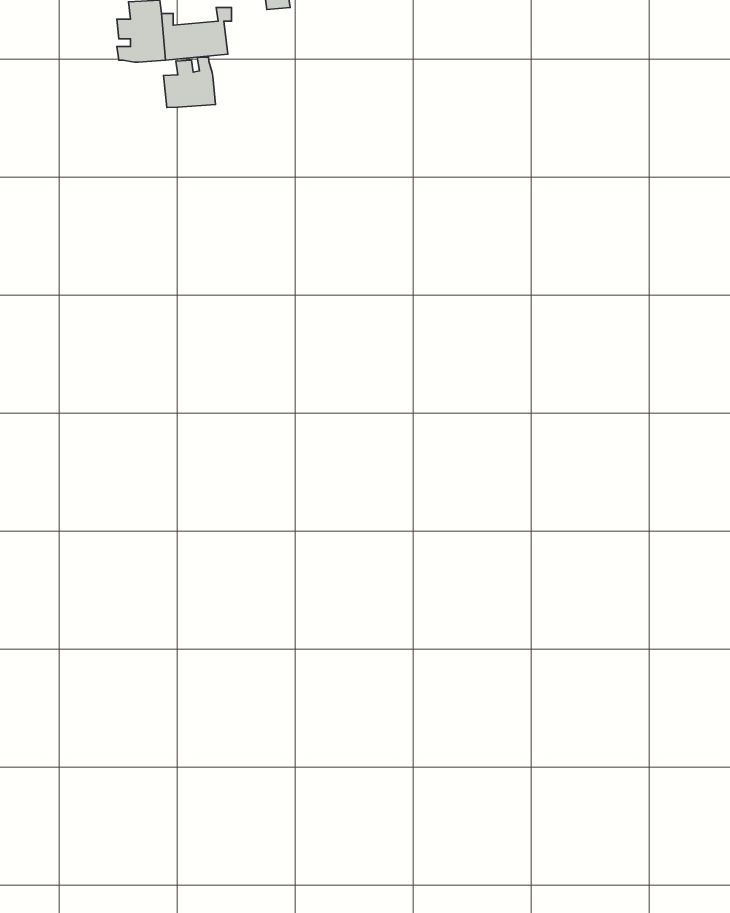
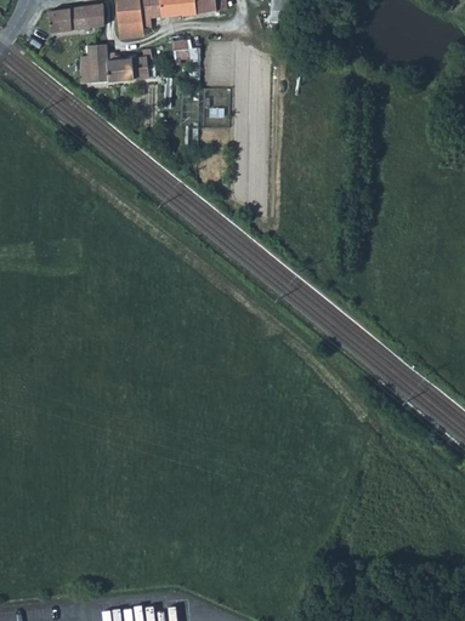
building: [164,57,216,107] -> none

